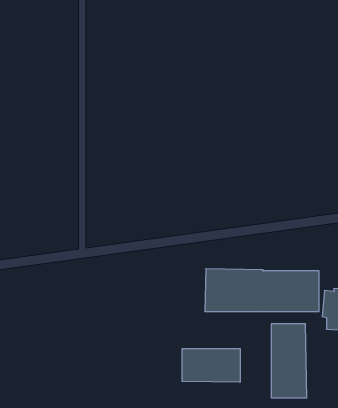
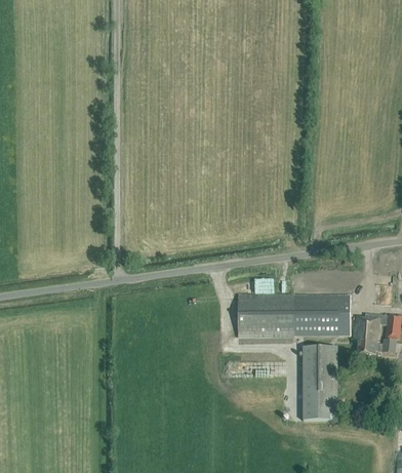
building: [182,349,240,382] -> none

